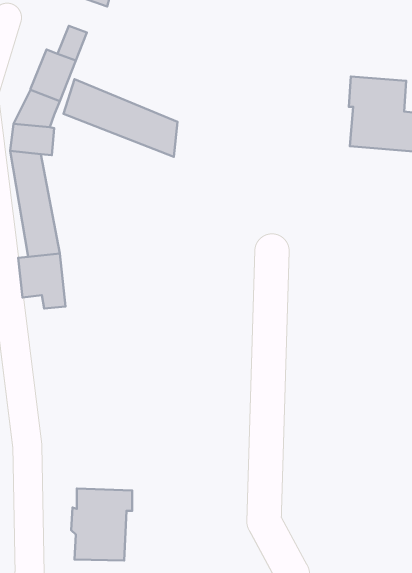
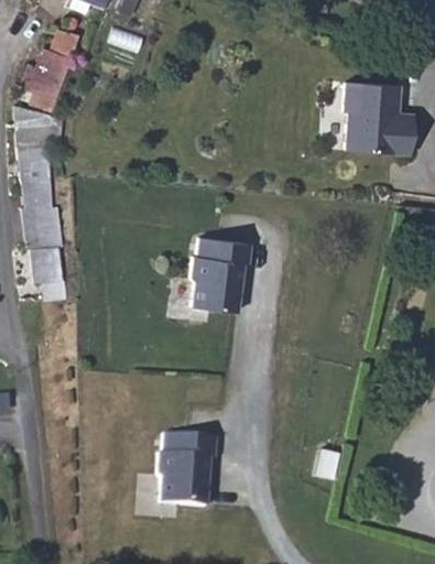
building: [63,79,177,157] -> none
building: none -> [180,234,242,307]
building: [71,488,132,561] -> [146,432,206,502]

